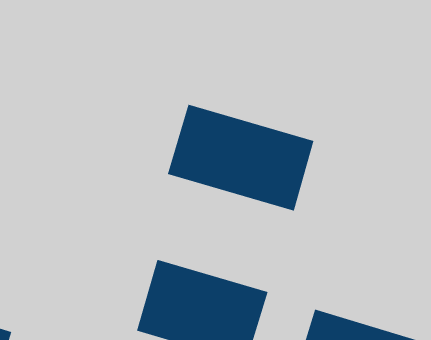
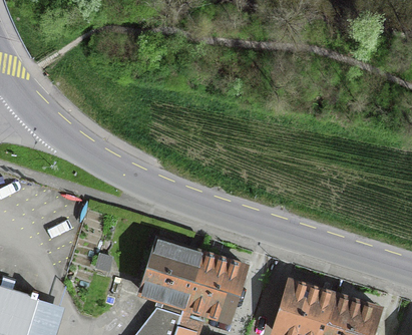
building: [167,104,314,212] -> none

